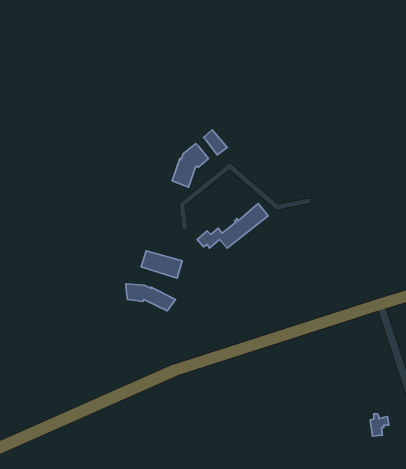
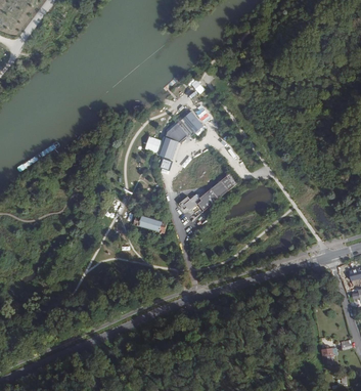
building: [126,284,175,311] -> none

